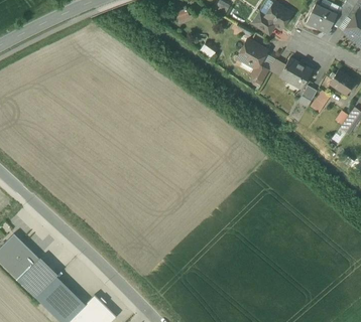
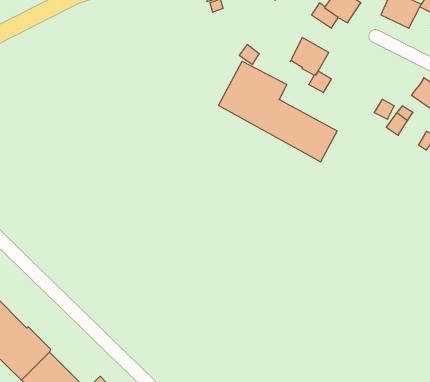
building: none -> [219,61,337,162]
building: [280,58,312,88] -> none

